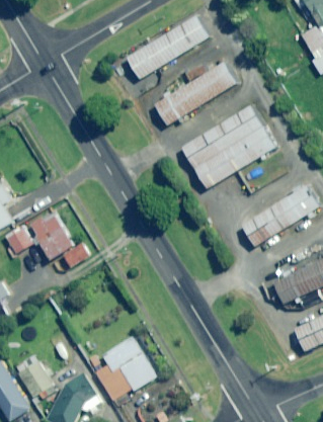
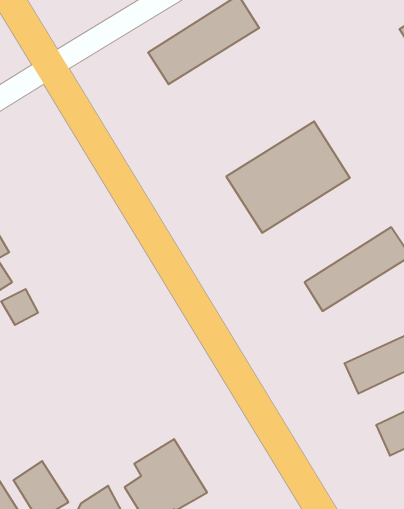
building: [146,62,226,125] -> none
building: [33,217,93,271] -> none

